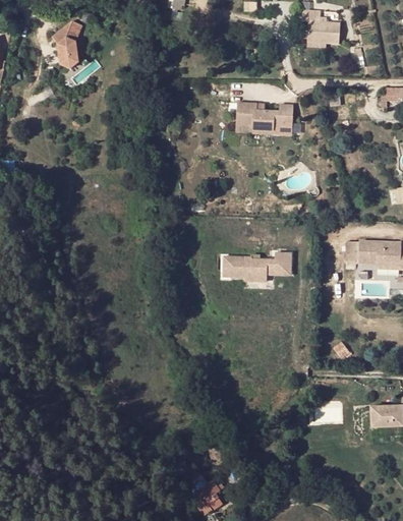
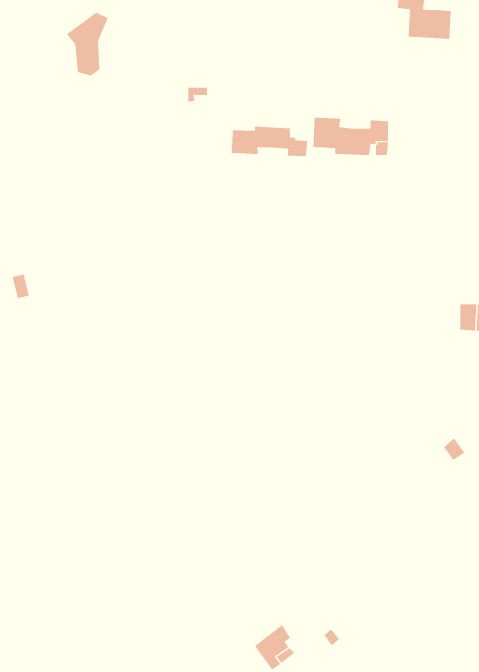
building: none -> [231,126,308,157]
building: [223,252,291,281] -> none

